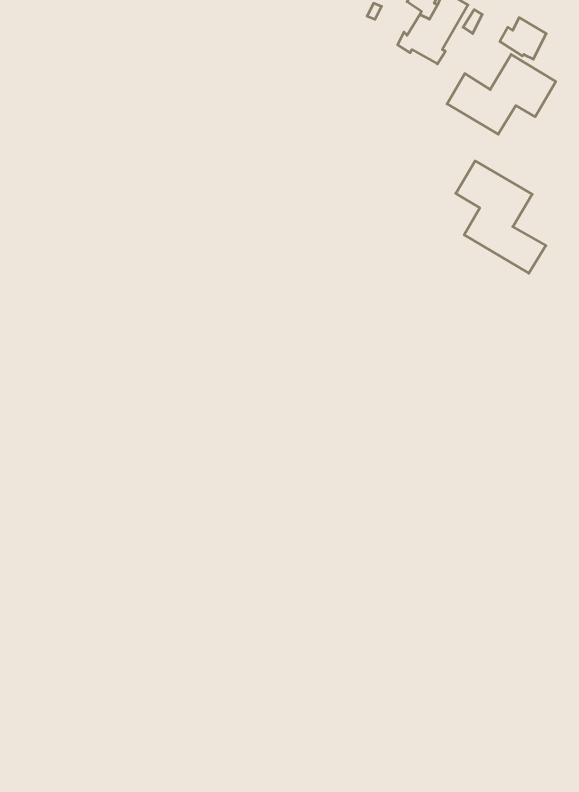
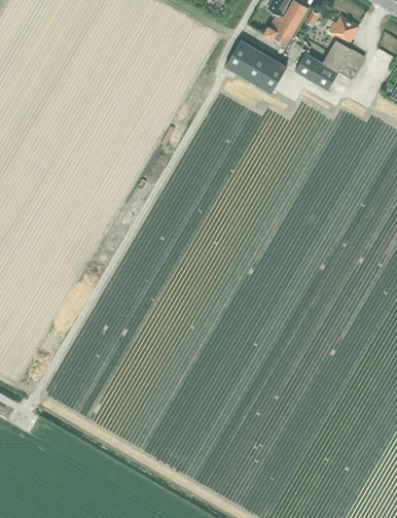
building: none -> [225,39,287,94]
building: [456,161,546,273] -> none

